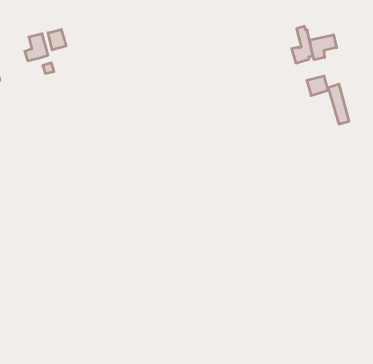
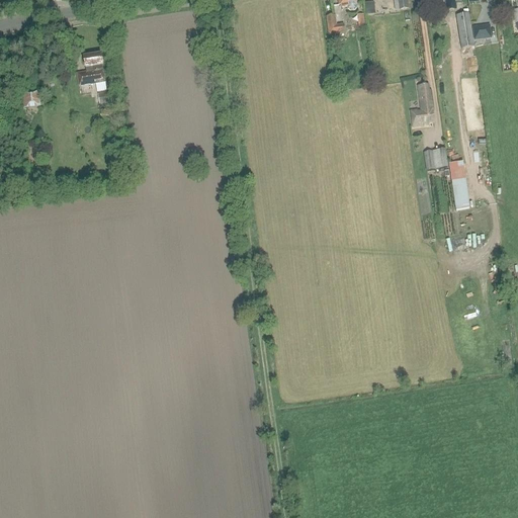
building: [48,29,66,50] -> none
building: [310,35,337,60] -> none

